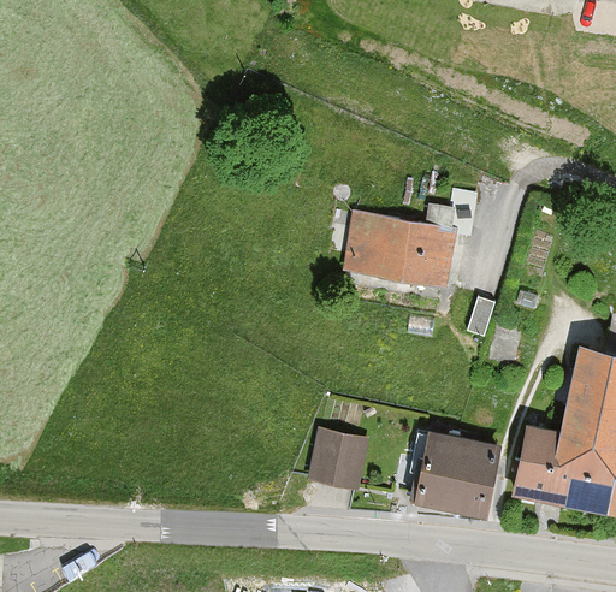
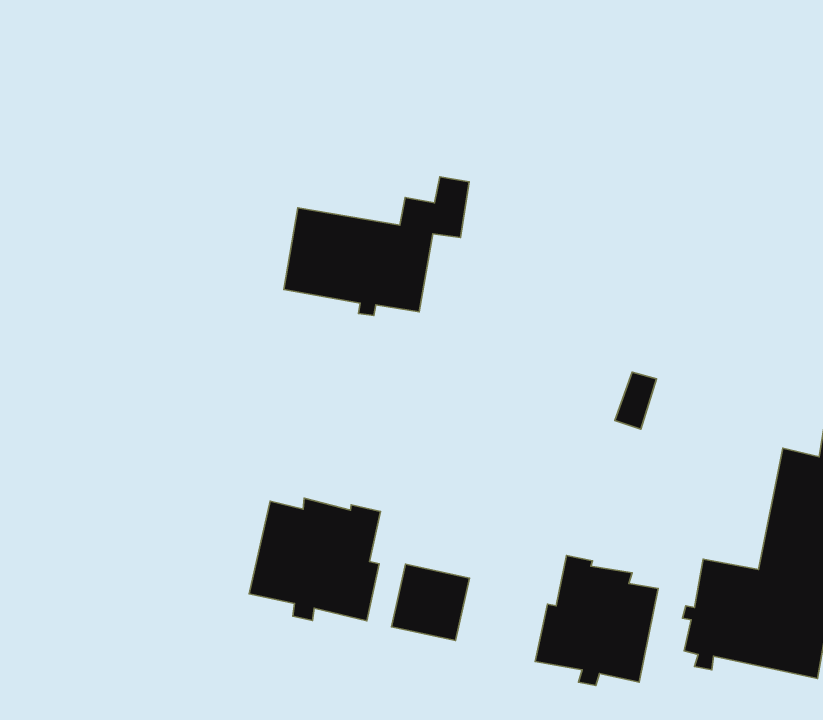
building: [346,190,475,286] -> [284,177,469,315]
building: none -> [249,498,381,621]

